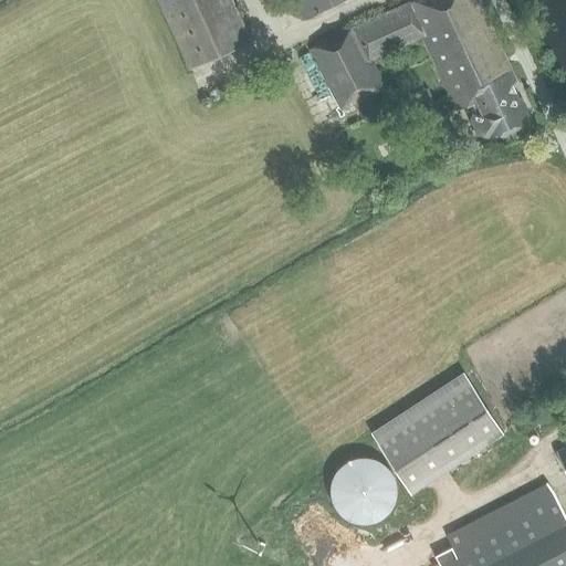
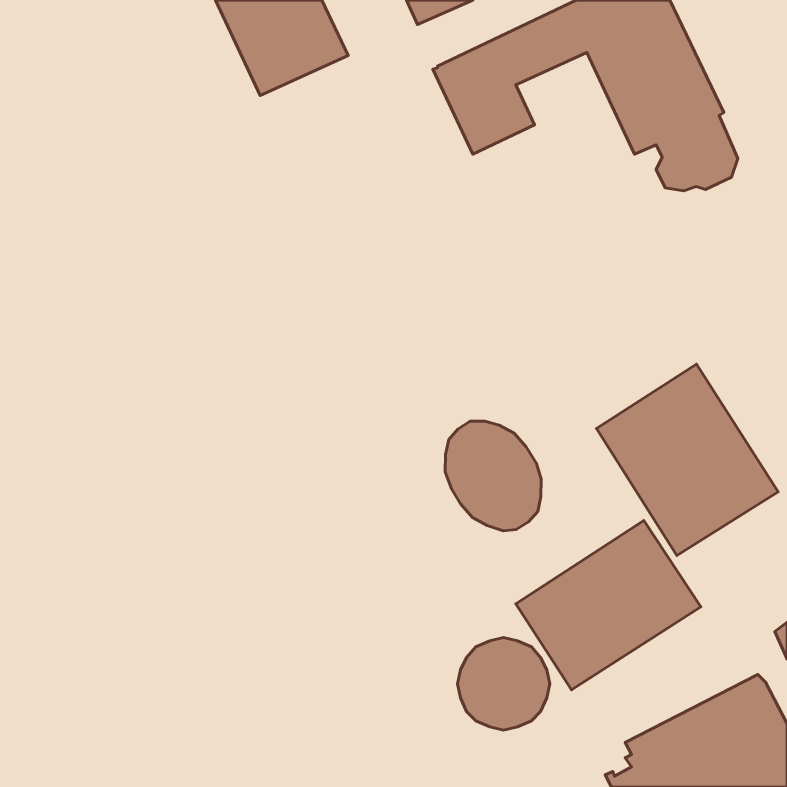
building: none -> [596,364,778,555]
building: none -> [445,421,541,531]

